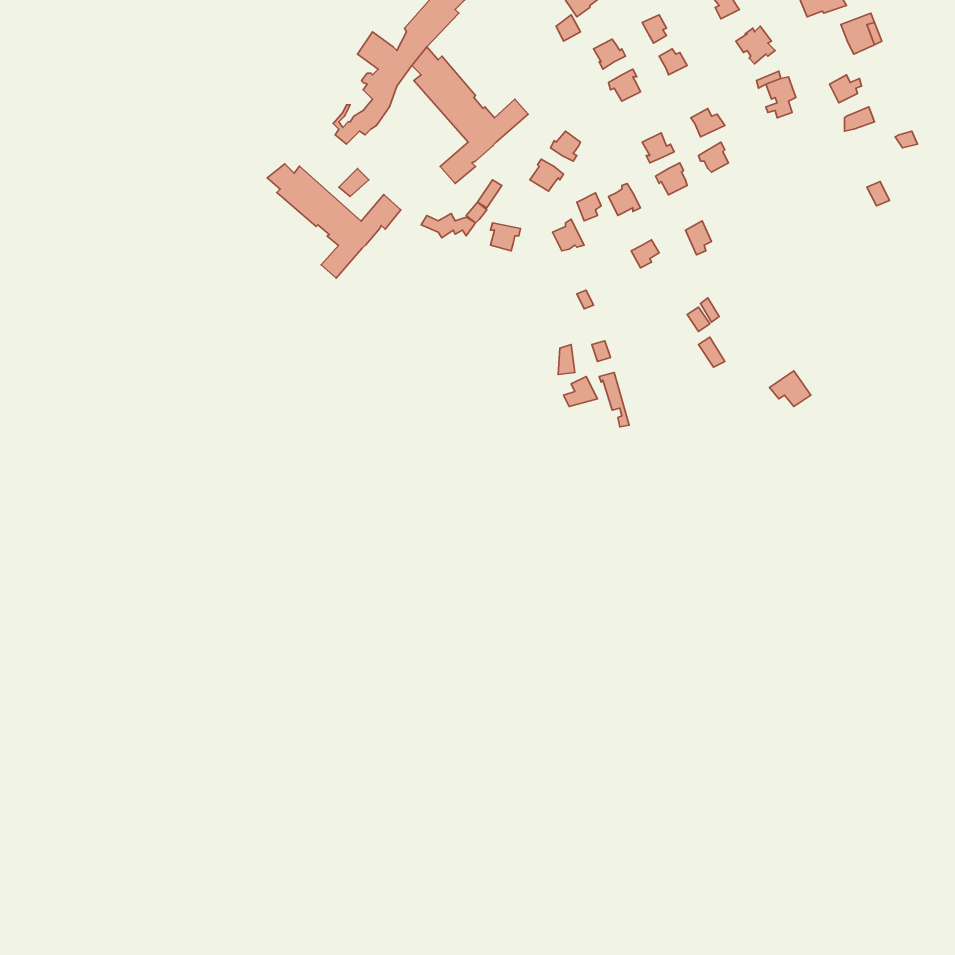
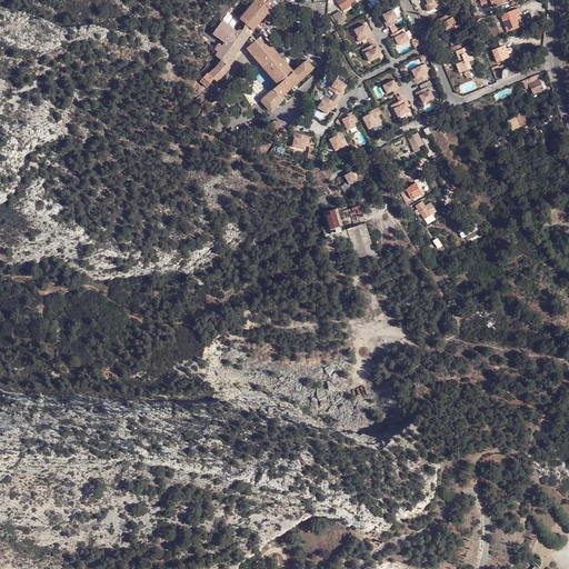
building: [267,164,401,278] -> none

